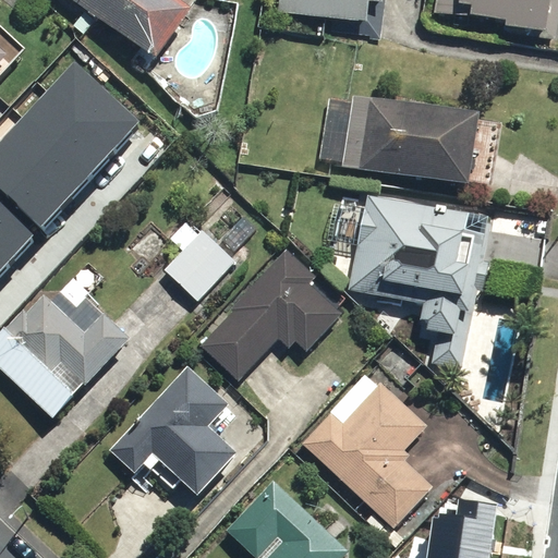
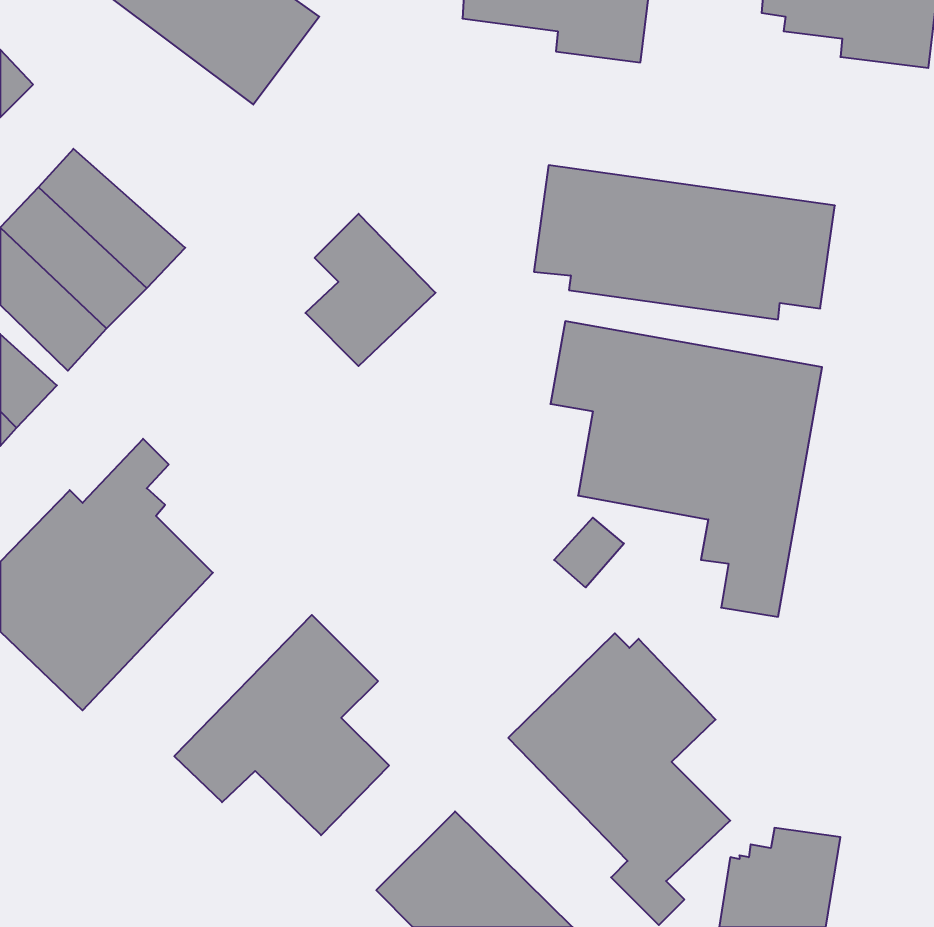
building: [46,56,143,147] -> none
building: [163,210,241,301] -> [305,214,436,366]
building: [201,248,343,379] -> none

